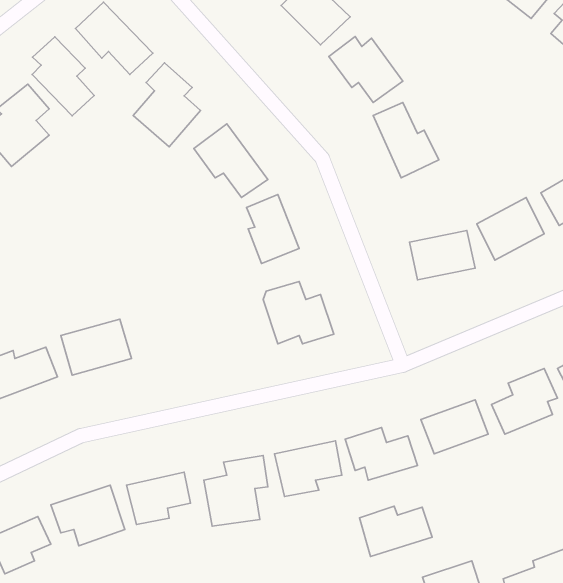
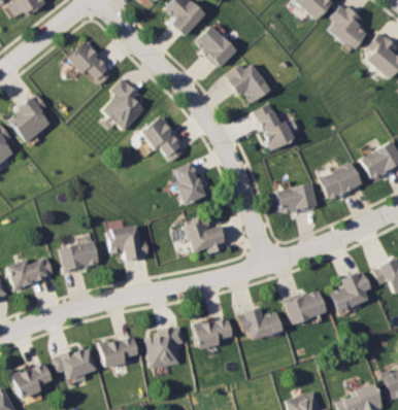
building: [32,37,94,116] -> none
building: none -> [108,225,150,262]
building: [359,506,432,556] -> none

